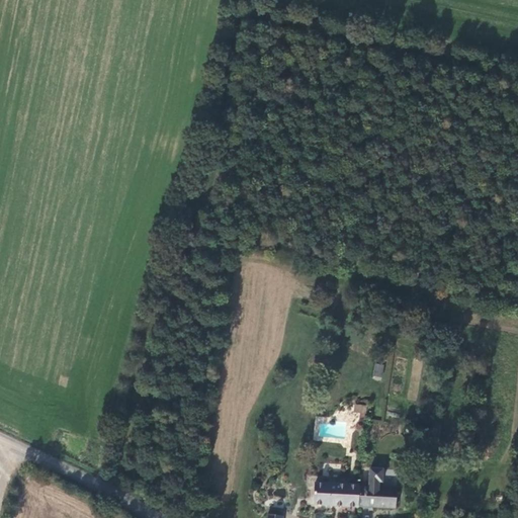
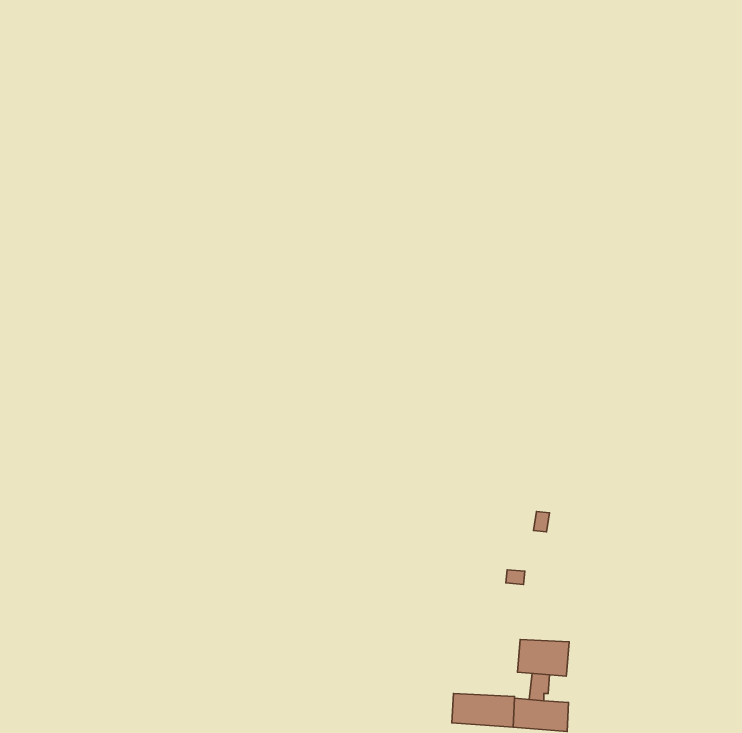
building: none -> [518,639,569,676]

